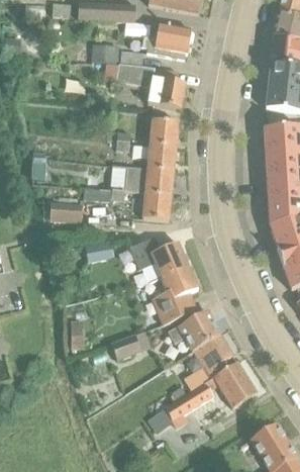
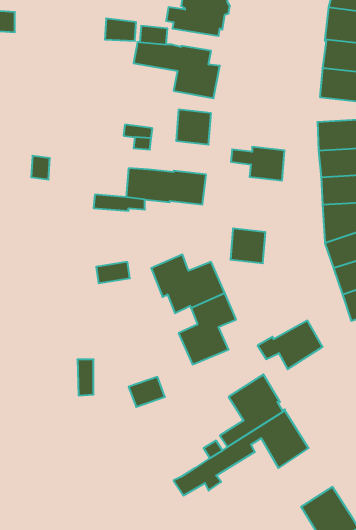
building: [132,144,176,171] -> [231,147,285,181]
building: [142,192,171,220] -> [230,228,265,263]
building: [47,201,81,222] -> none
building: [168,311,220,351] -> [258,321,323,369]

